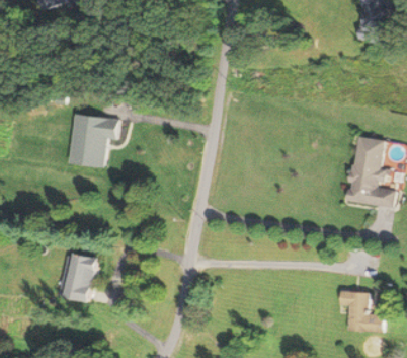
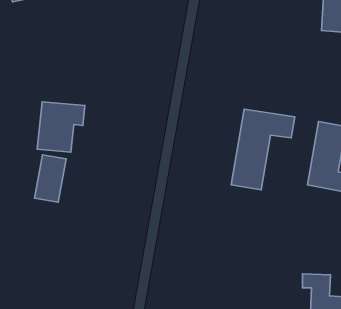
building: none -> [231,109,295,190]
building: [66,252,98,300] -> [34,155,66,202]

